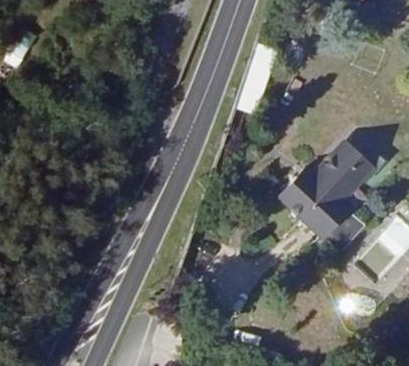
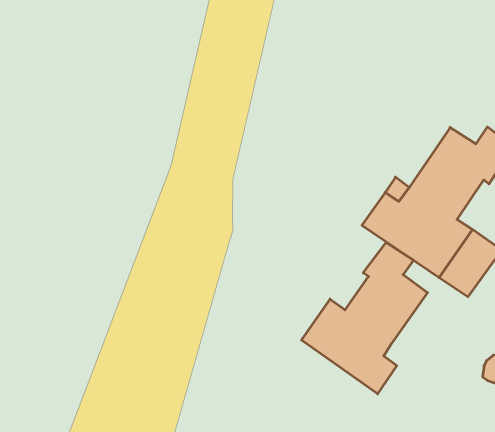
building: none -> [302,243,428,394]

